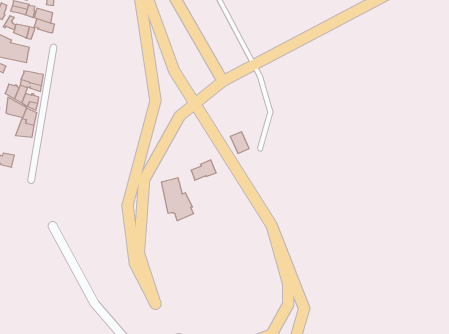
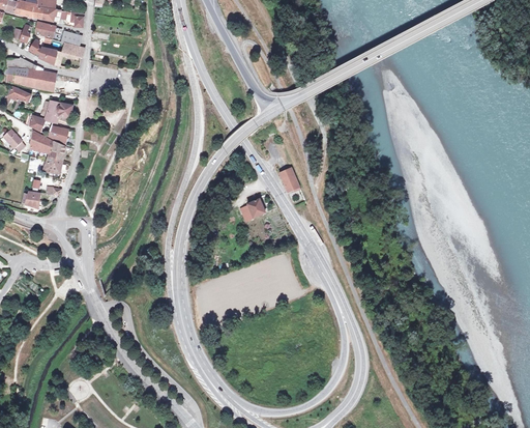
building: [161,178,193,221] -> none

